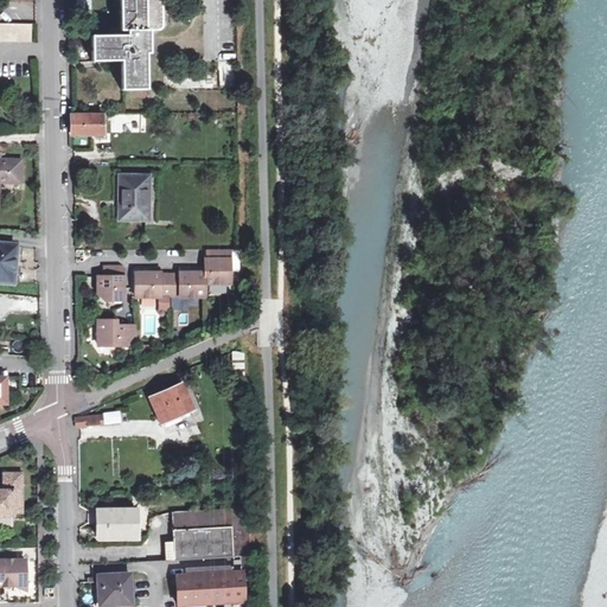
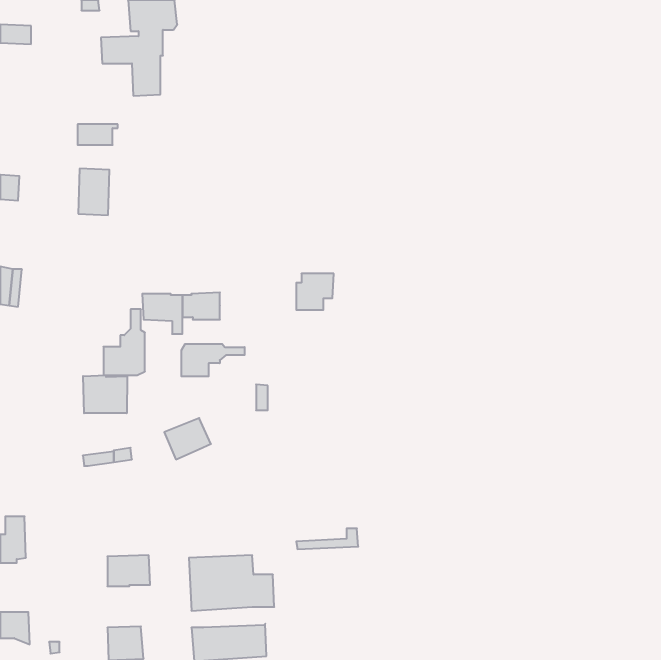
building: [117,174,146,217] -> [78,169,109,215]
building: [202,248,236,281] -> [296,274,334,310]
building: [94,264,120,301] -> none
building: none -> [181,344,245,376]
building: none -> [83,375,127,413]
building: [185,557,242,576] -> [296,528,358,549]

